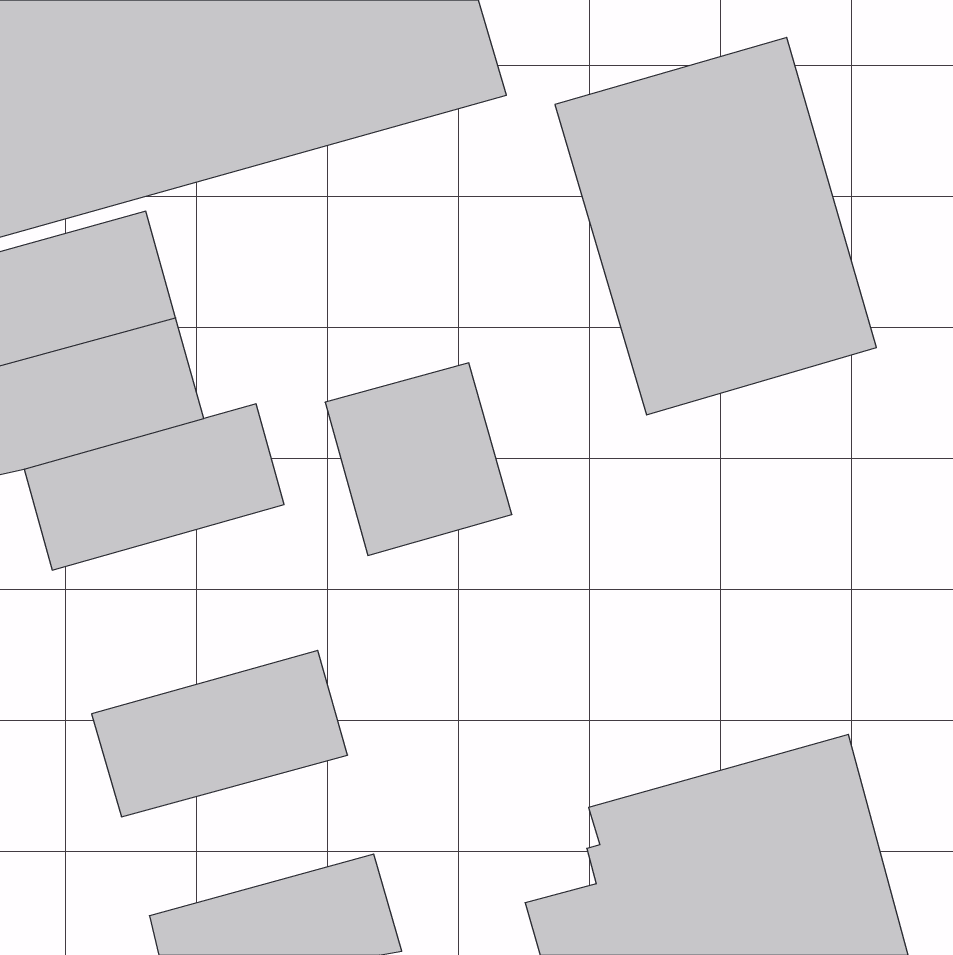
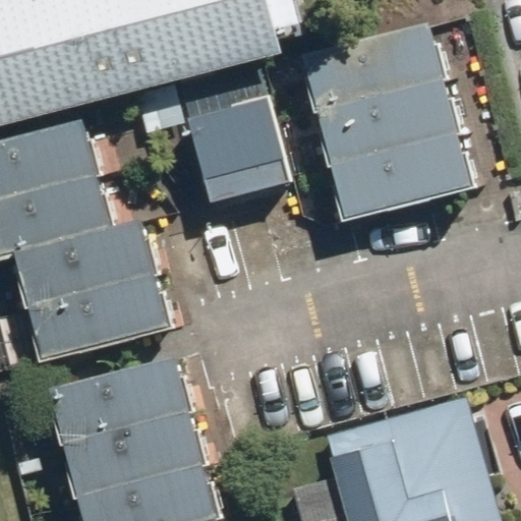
building: [325,363,512,555] -> [187,98,289,202]
building: none -> [28,275,170,365]
building: none -> [66,411,204,499]

